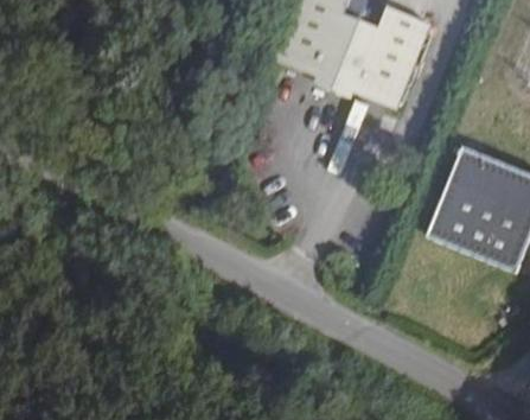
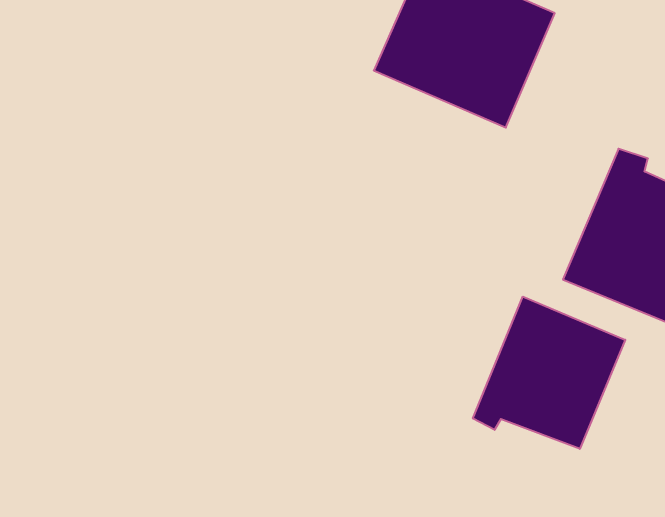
building: none -> [473,297,625,449]

